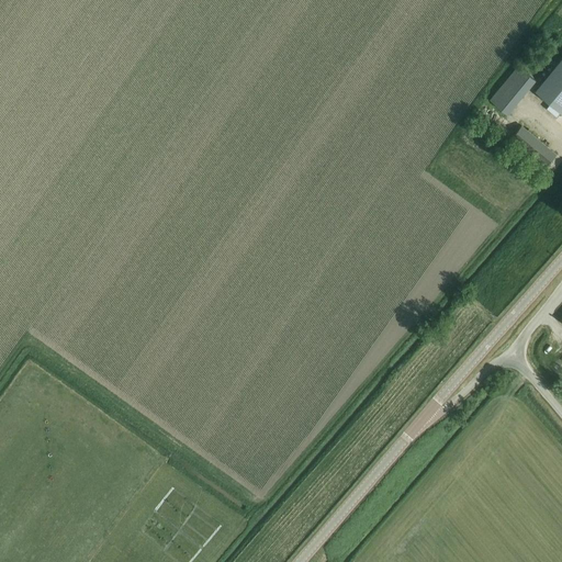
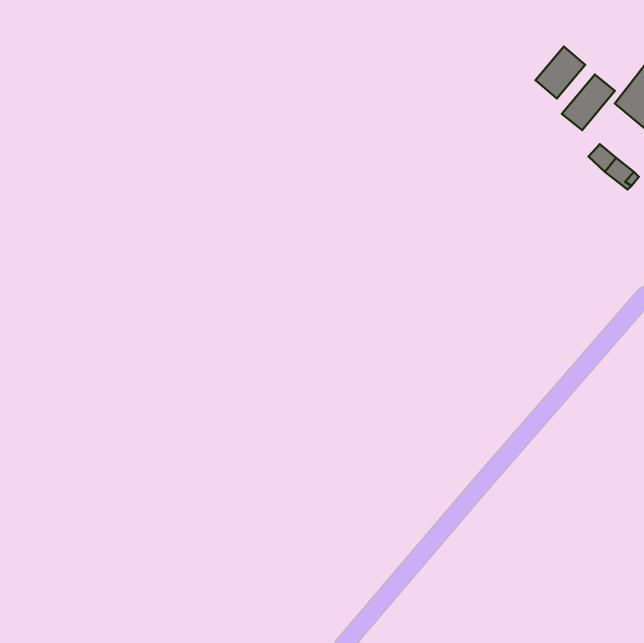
building: none -> [535,46,585,99]

